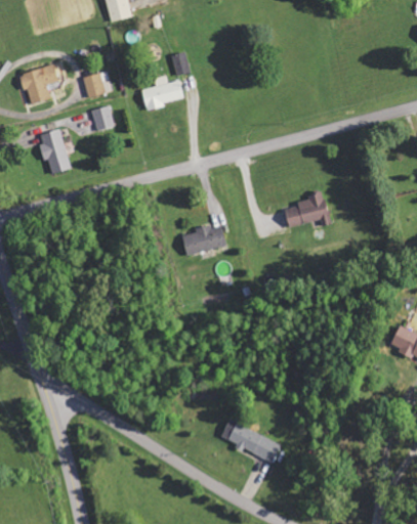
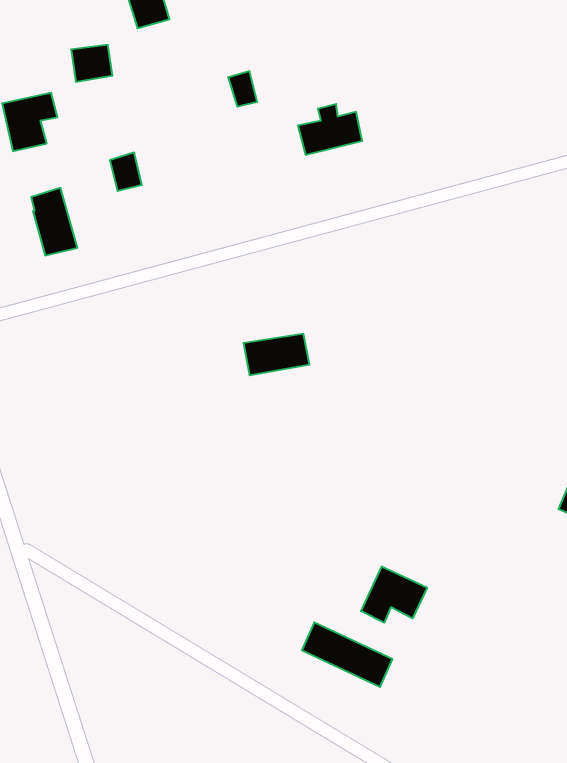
building: [84,73,112,97] -> [71,45,113,82]
building: [141,75,184,108] -> [298,104,362,155]
building: [284,196,330,227] -> none
building: none -> [361,566,427,623]

